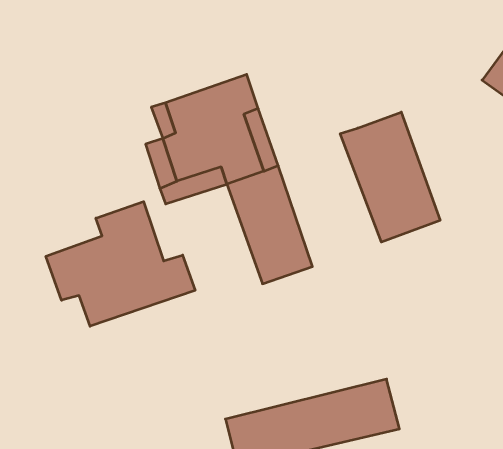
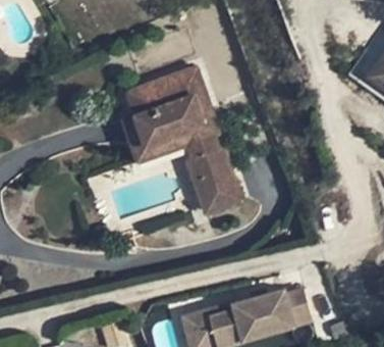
building: [340,112,440,242] -> none
building: [46,202,195,326] -> none

